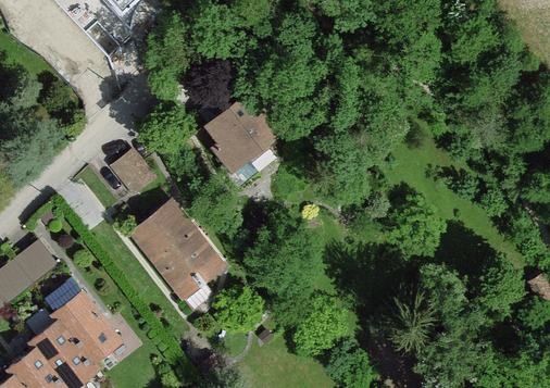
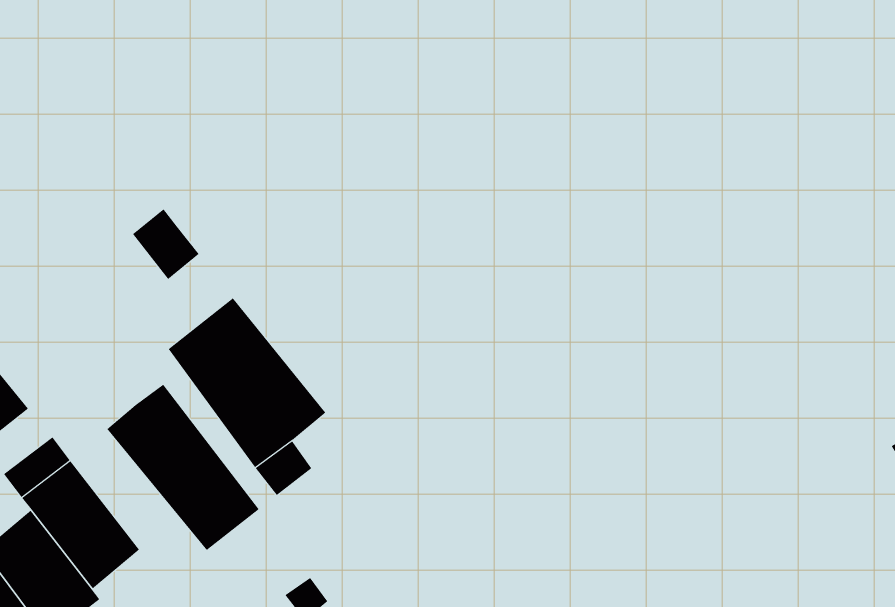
building: [208,86,287,172] -> none
building: none -> [106,384,260,551]

